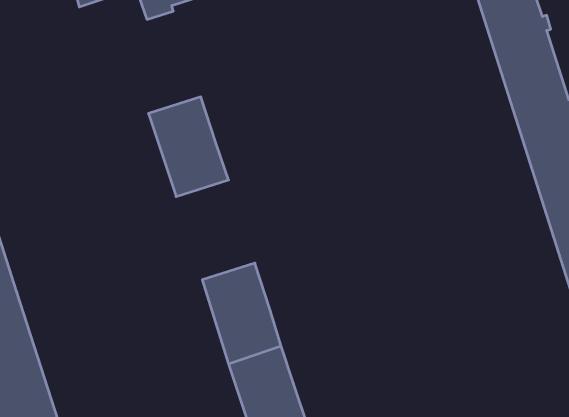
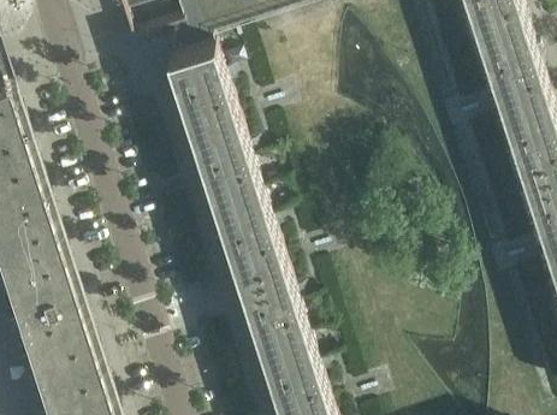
building: none -> [160,36,230,125]
building: none -> [208,183,277,269]

